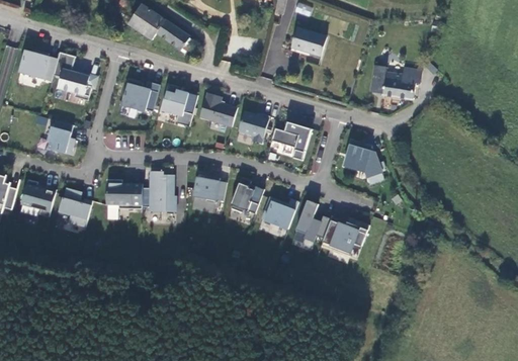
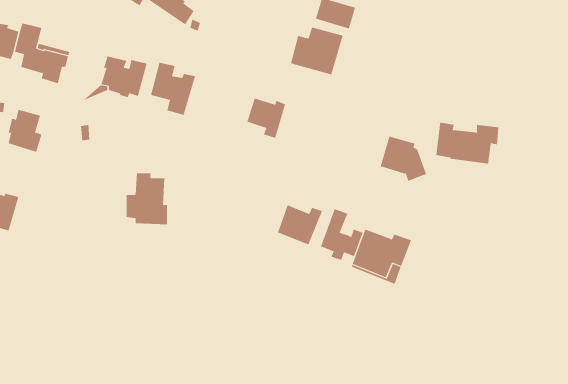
building: [371,65,422,98] -> [436,122,499,164]
building: [199,92,237,126] -> none
building: [268,119,311,158] -> [290,27,343,75]
building: [192,176,226,202] -> none
building: [231,177,263,212] -> none
building: [105,179,142,209] -> none
building: [60,188,92,228] -> none

